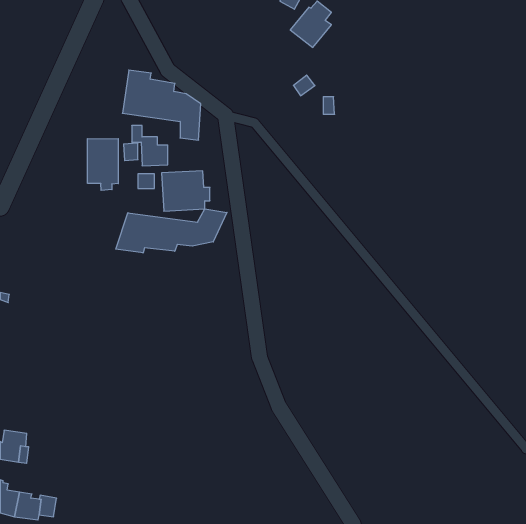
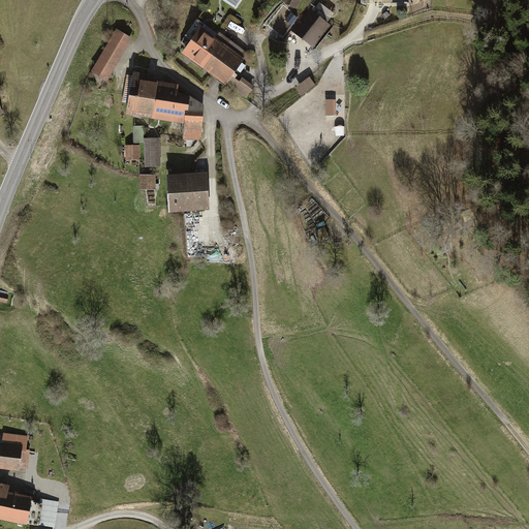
building: none -> [177,19,253,98]
building: none -> [89,28,131,81]
building: [88,139,118,190] -> none
building: [116,209,227,253] -> none

